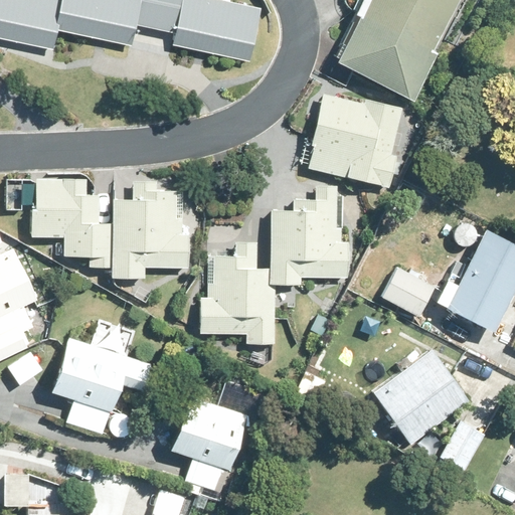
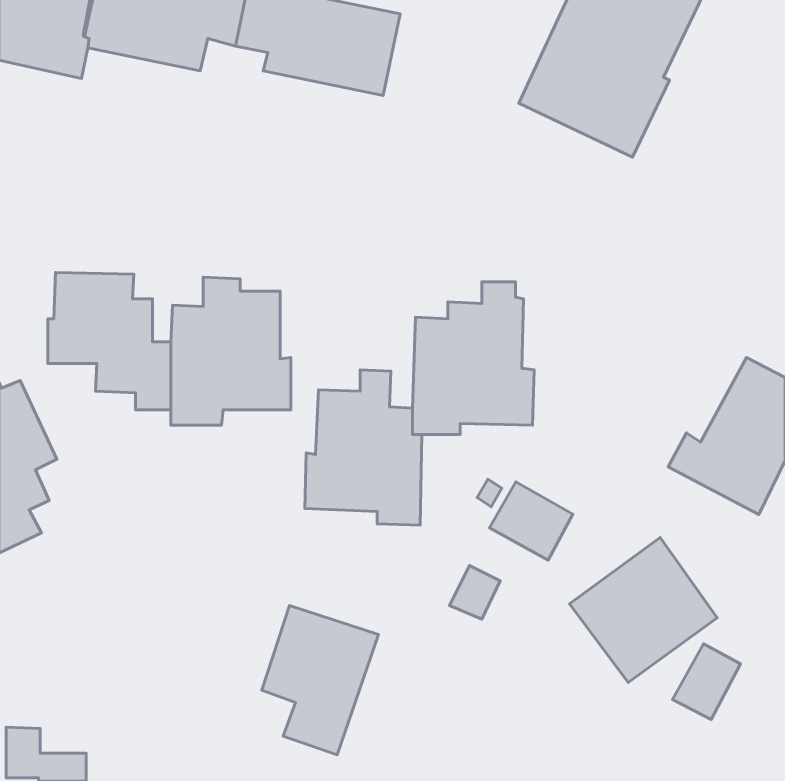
building: [307,93,401,186] -> none
building: [381,265,436,316] -> [490,482,573,560]
building: [50,322,152,436] -> none

